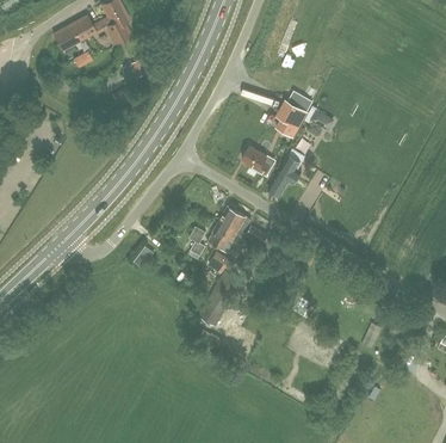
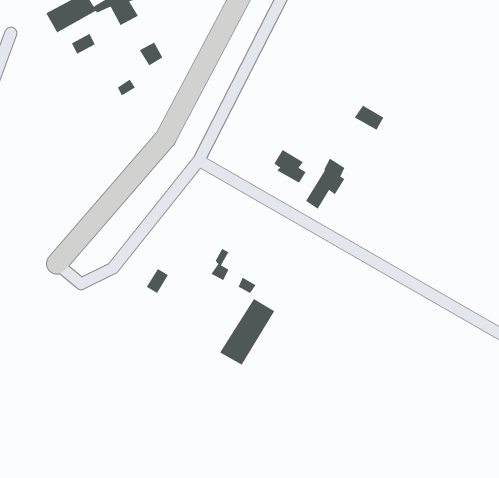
building: [277,100,306,136] -> none
building: [206,204,250,253] -> none

